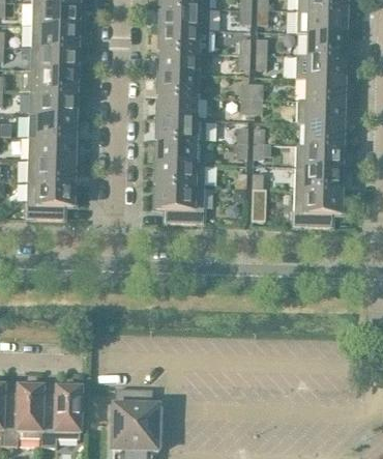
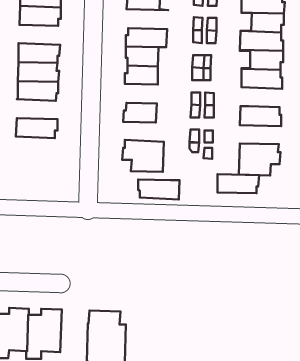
building: [158,27,208,51] -> none
building: [29,46,79,69] -> none
building: [155,116,196,140] -> none
building: [295,120,345,144] -> none
building: [27,135,77,159] -> none
building: [154,162,204,185] -> [138,179,180,199]
building: [294,166,344,189] -> [218,174,259,193]
building: [25,179,75,218] -> none

